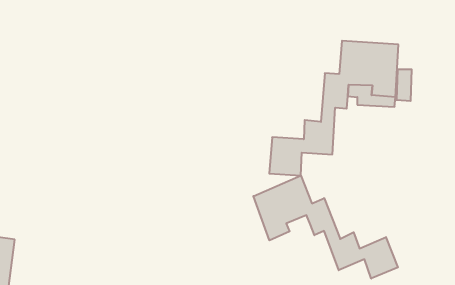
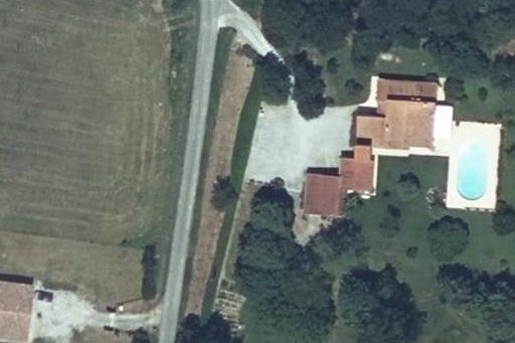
building: [253,176,398,279] -> none

